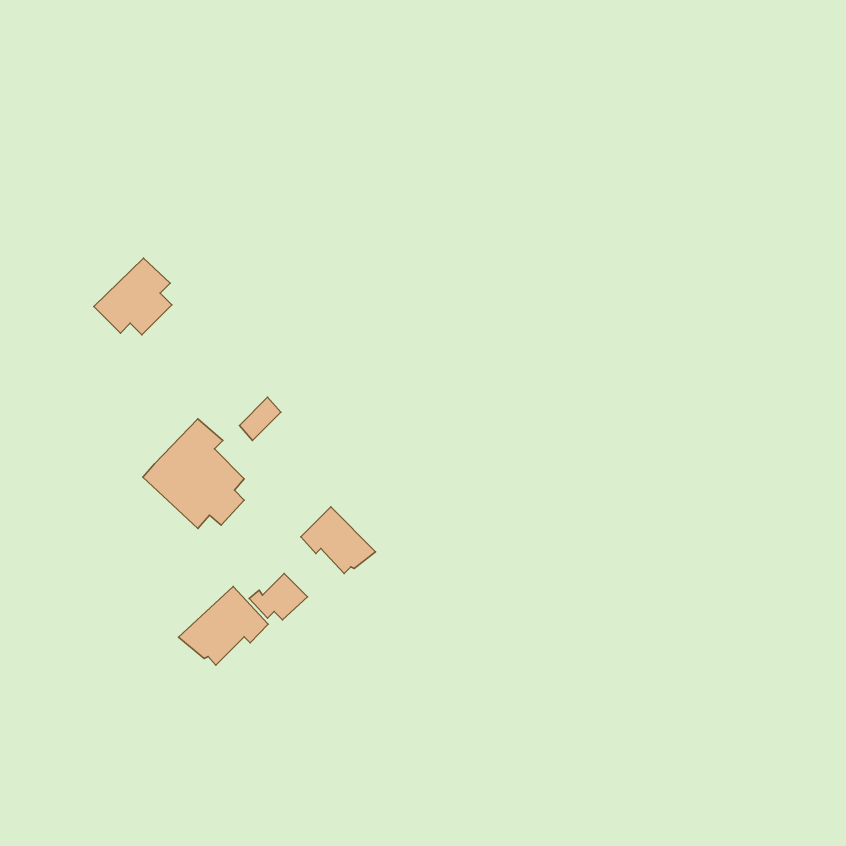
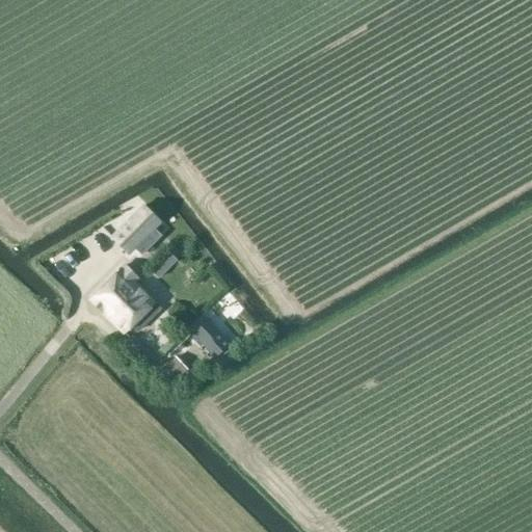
building: [94,258,172,335] -> [113,205,162,252]
building: [179,586,268,665] -> none

